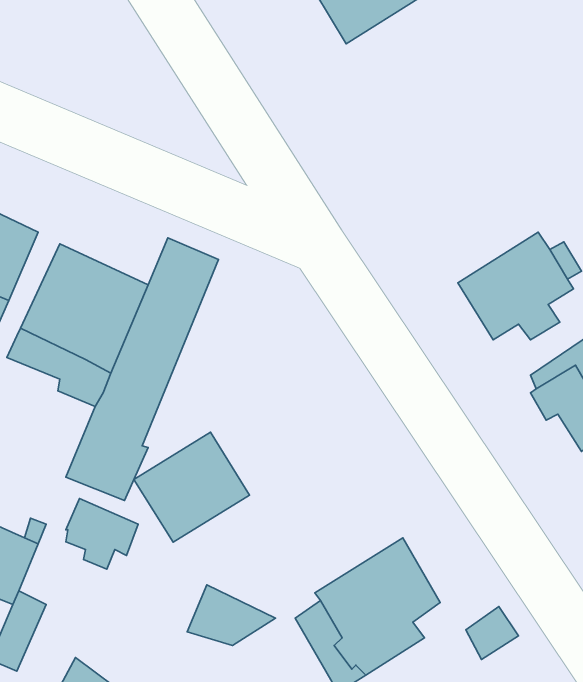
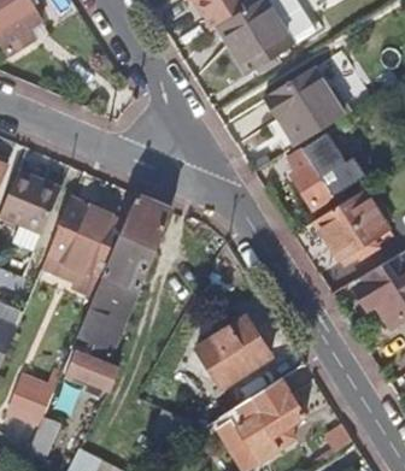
building: none -> [264,69,350,143]
building: none -> [290,129,365,207]
building: [134,432,250,542] -> [199,317,270,384]

